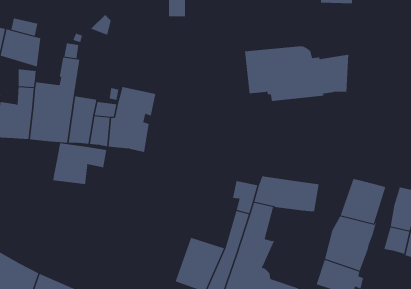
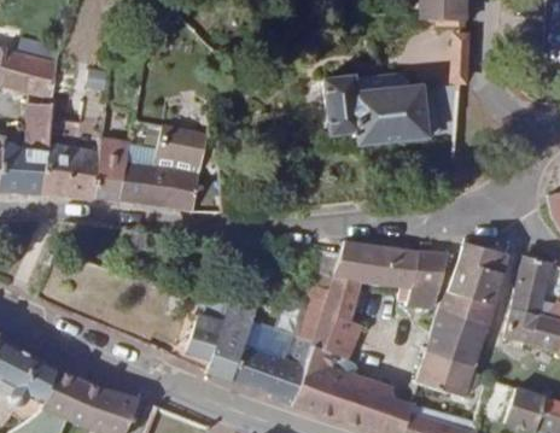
building: [53,143,107,185] -> none
building: none -> [399,252,449,310]
building: none -> [185,298,256,382]

